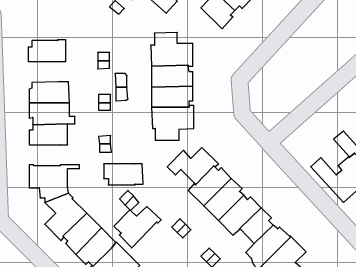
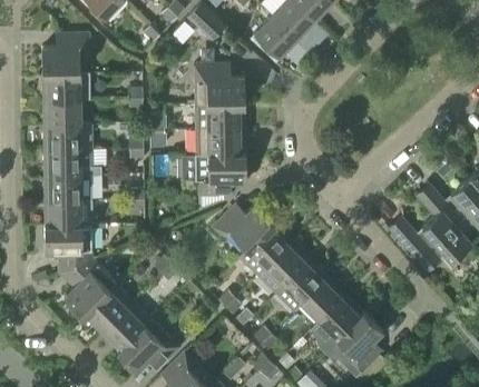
building: none -> [41,34,89,77]
building: none -> [43,100,80,126]
building: [104,164,143,185] -> [45,201,92,227]
building: [114,207,161,248] -> none

